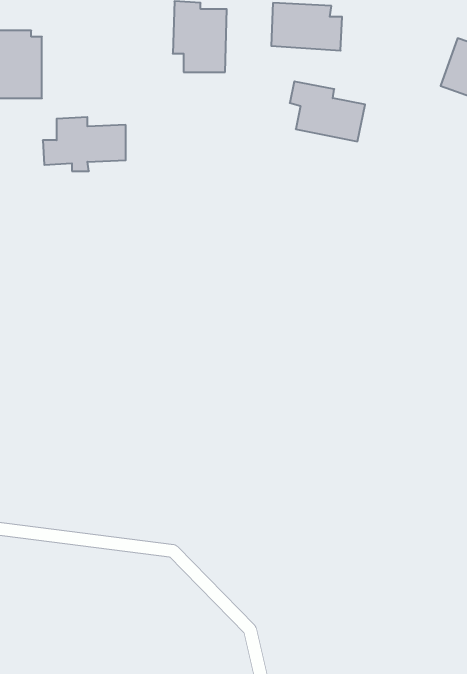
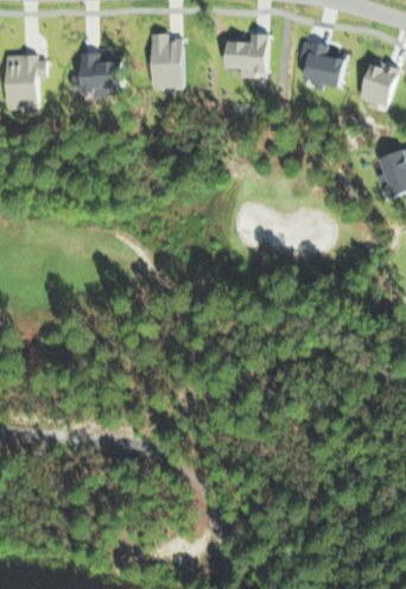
building: [290,81,365,141] -> [294,40,353,87]
building: [43,117,126,171] -> [66,53,131,95]

